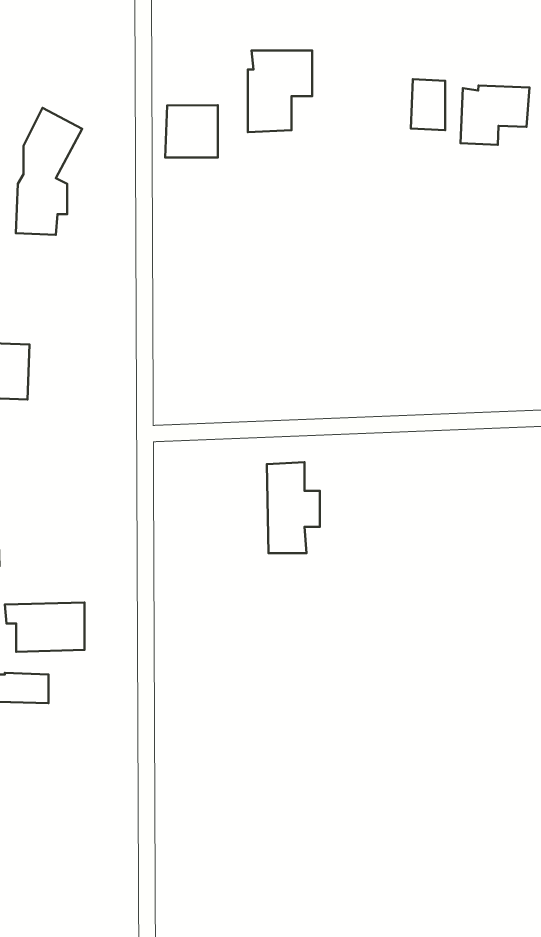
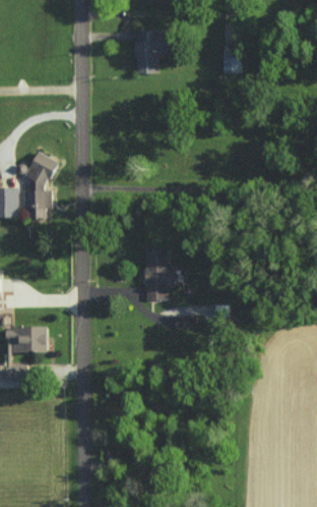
building: [461,85,530,145] -> none
building: [165,105,218,158] -> none
building: [16,108,82,235] -> [23,152,59,220]

